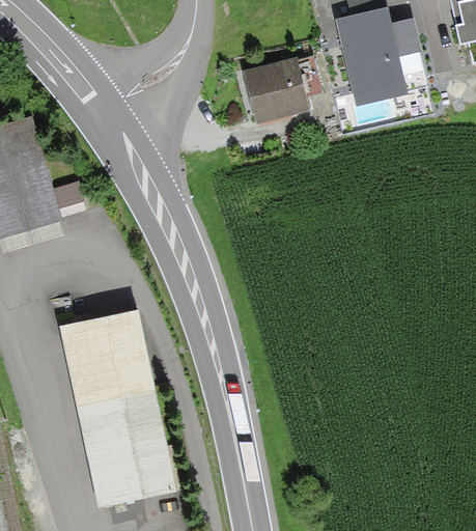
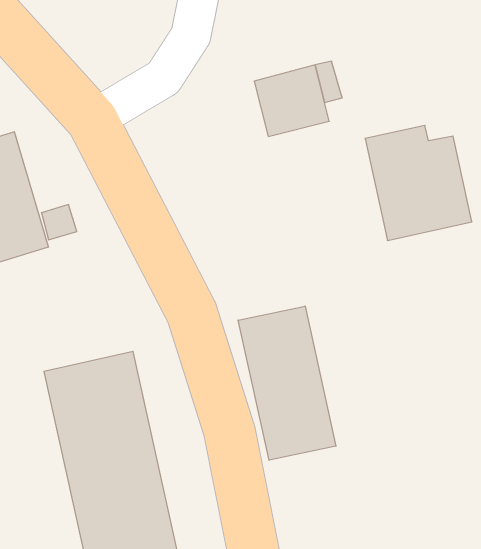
building: [335,5,429,107] -> [365,125,472,241]
building: none -> [238,306,336,460]

